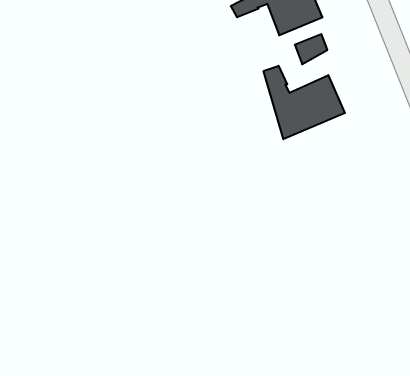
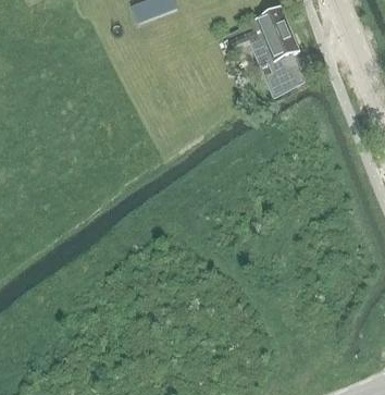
building: [264,66,345,139] -> none

